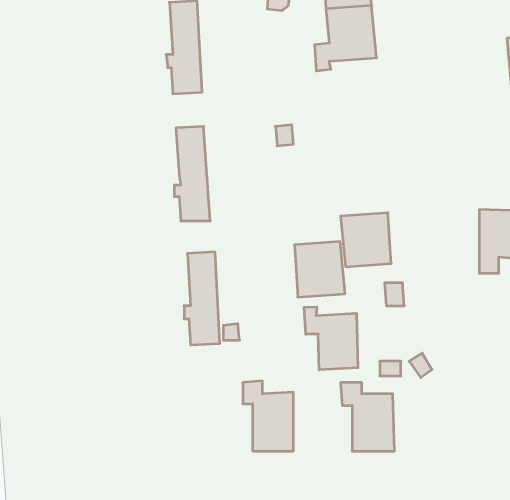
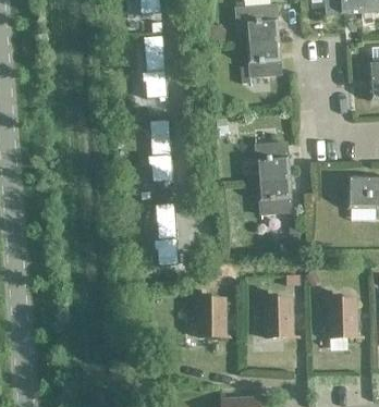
building: [294,242,345,297] -> [255,143,289,180]
building: [304,307,358,370] -> none
building: none -> [321,291,356,337]

